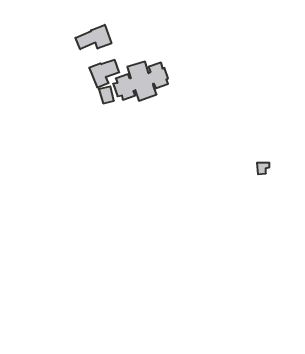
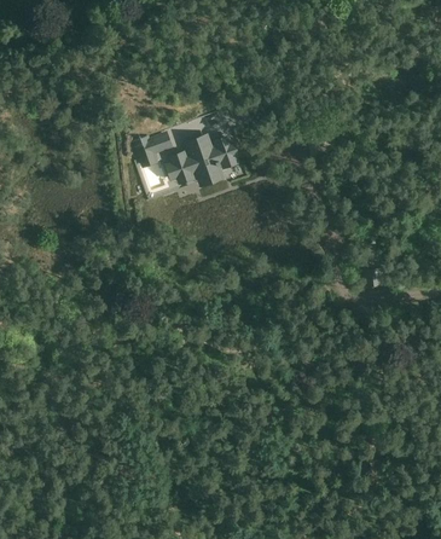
building: [75,25,111,49] -> none

